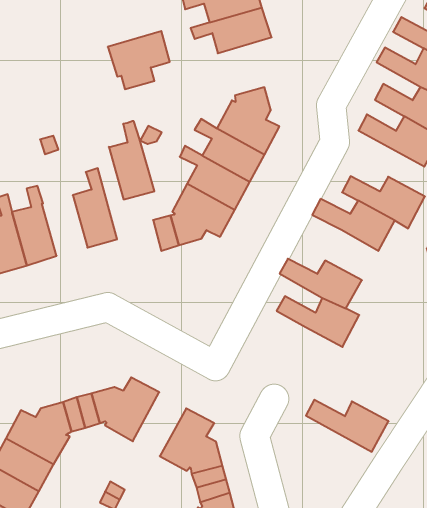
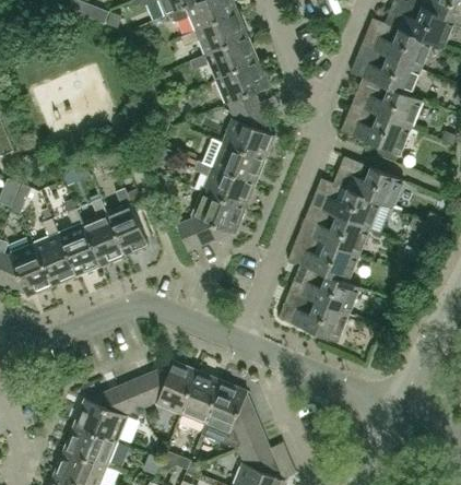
building: [108,31,170,89] -> [215,61,269,114]
building: [109,121,154,199] -> [82,199,125,265]
building: none -> [299,216,369,257]
building: none -> [181,370,223,424]
building: [306,400,389,452] -> [279,301,348,342]

